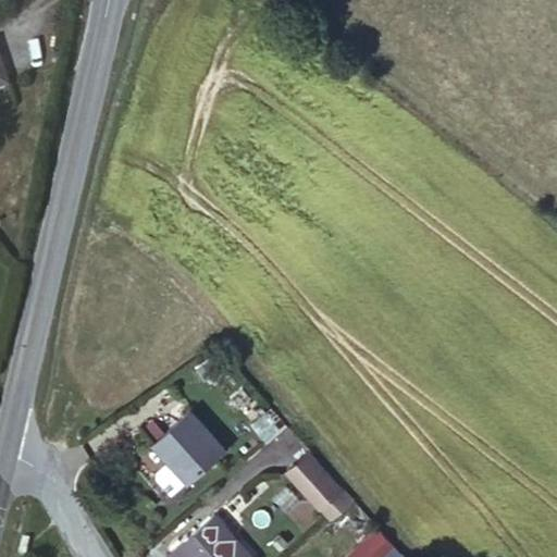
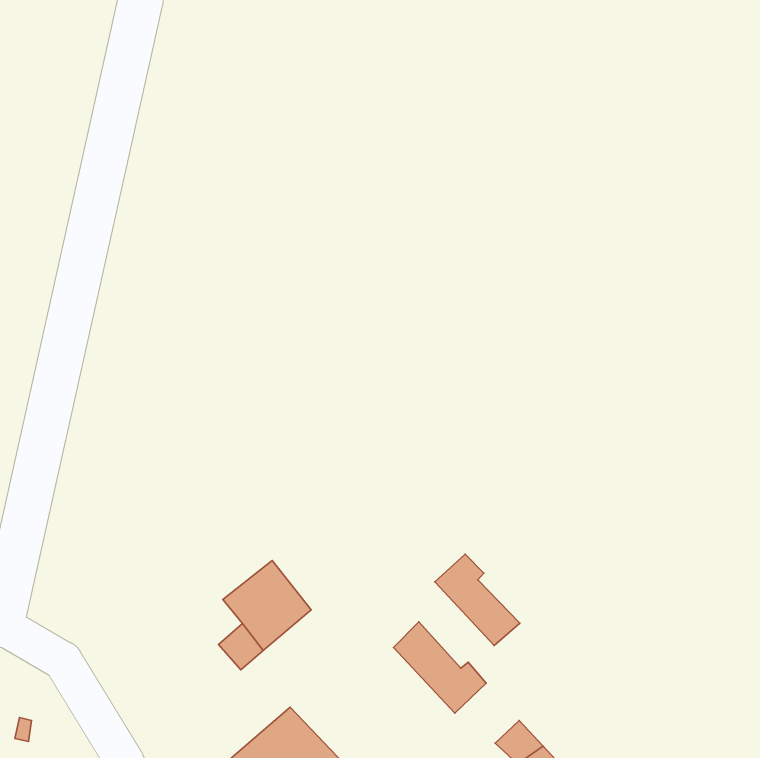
building: none -> [435,554,520,645]

